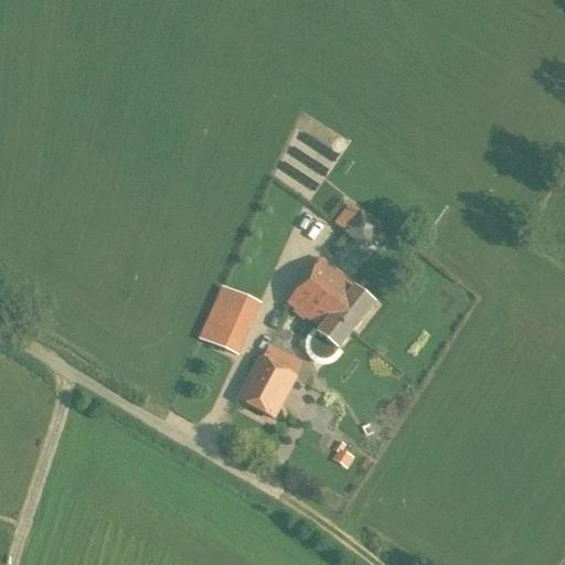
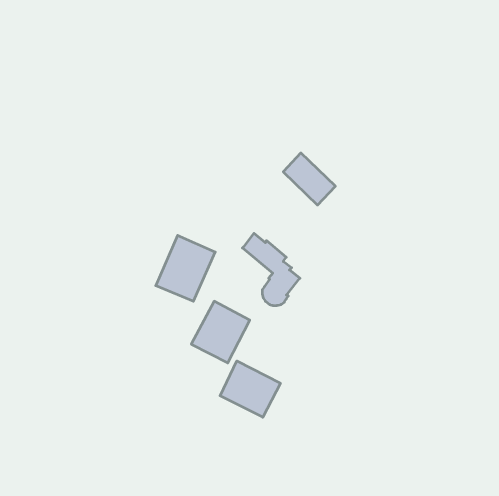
building: [303,257,376,329] -> none
building: none -> [220,361,280,417]

